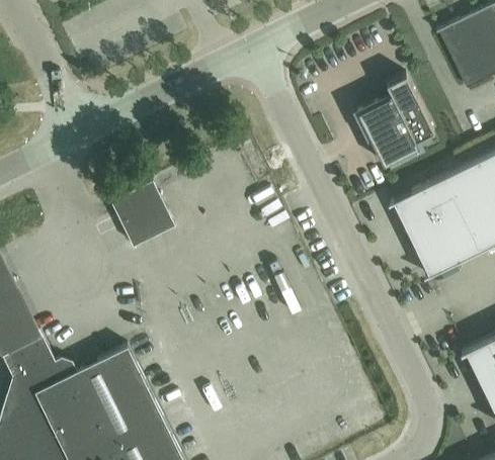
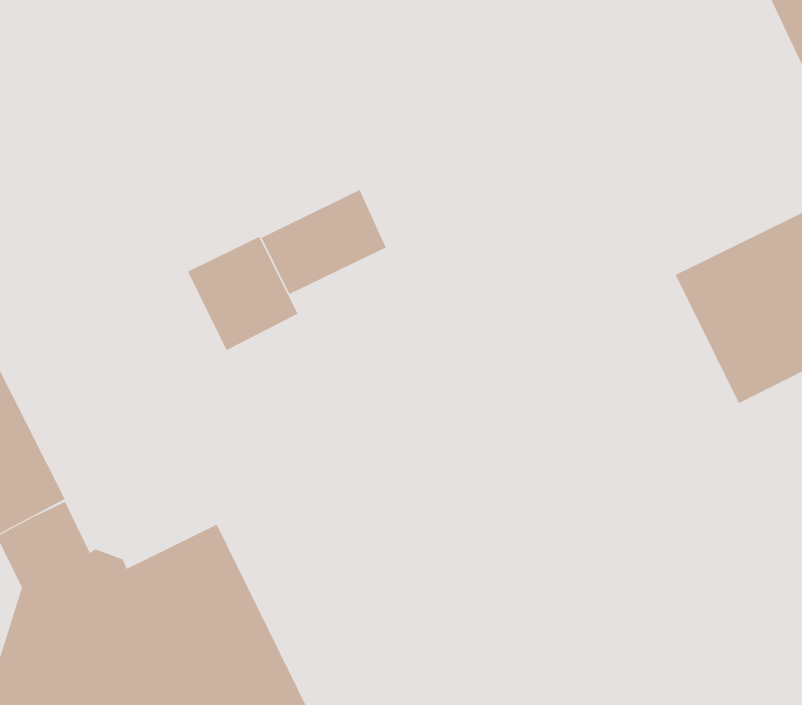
building: [357,77,434,167] -> none
building: none -> [261,189,386,295]

